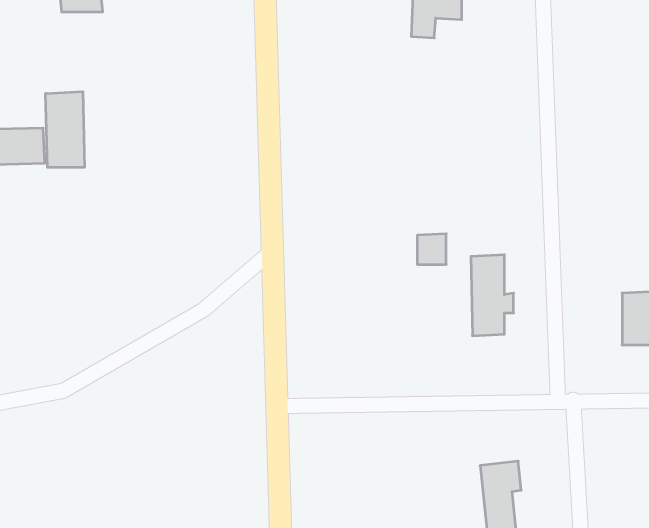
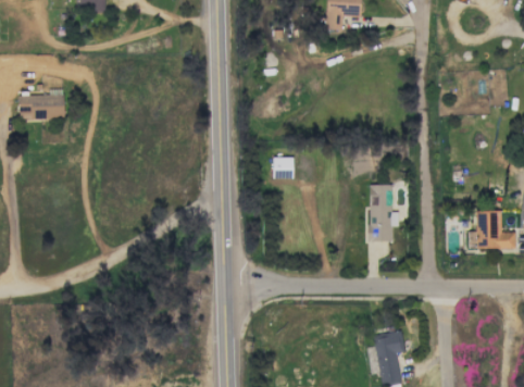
building: [46,92,84,167] -> none
building: [417,234,446,264] -> [273,157,294,178]

